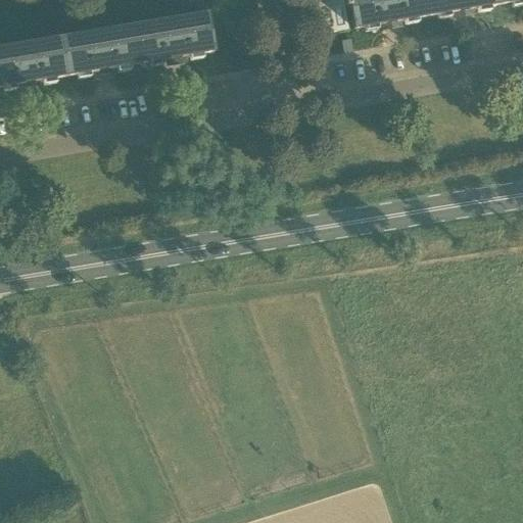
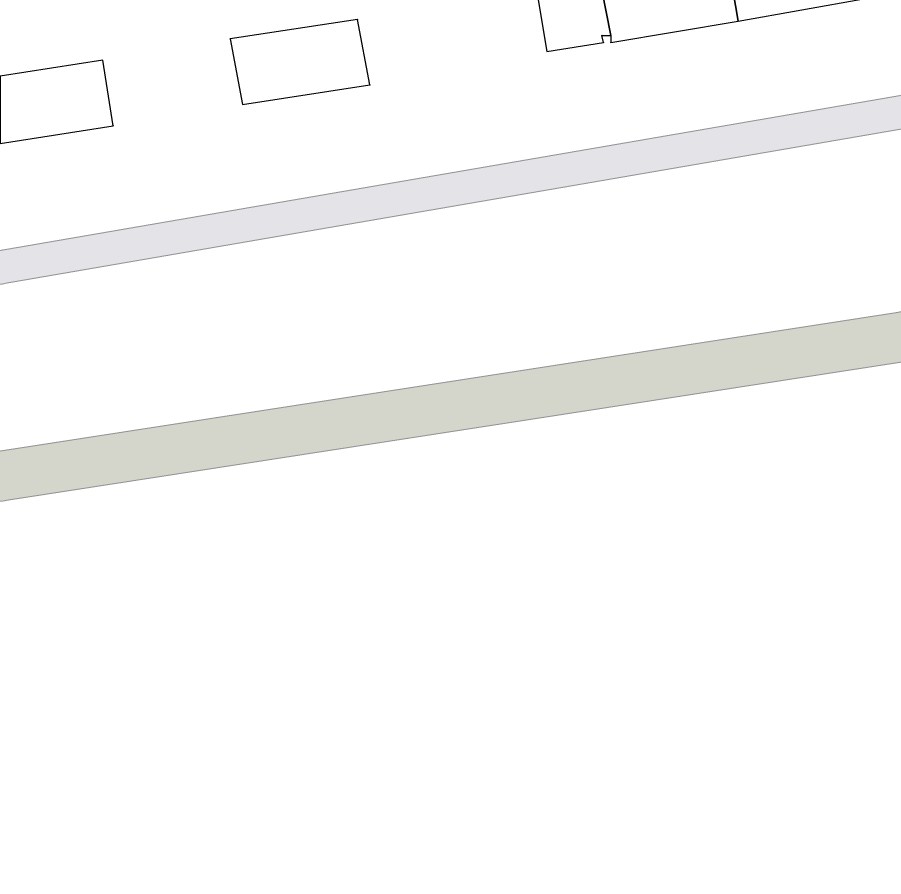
building: [61,22,142,73] -> none

